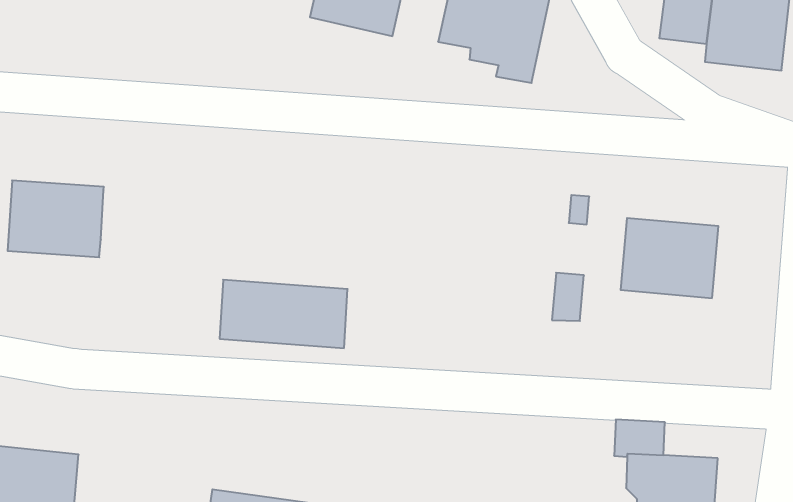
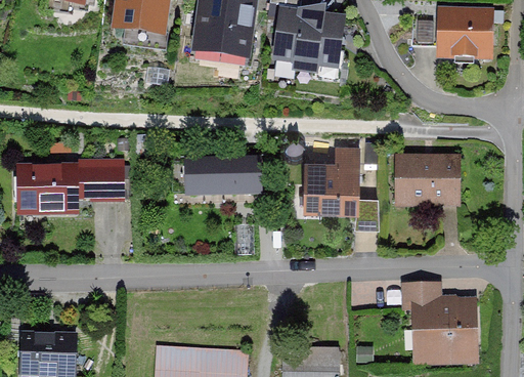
building: none -> [305,144,357,206]
building: none -> [75,167,121,199]
building: [220,280,348,348] -> [184,155,263,193]

